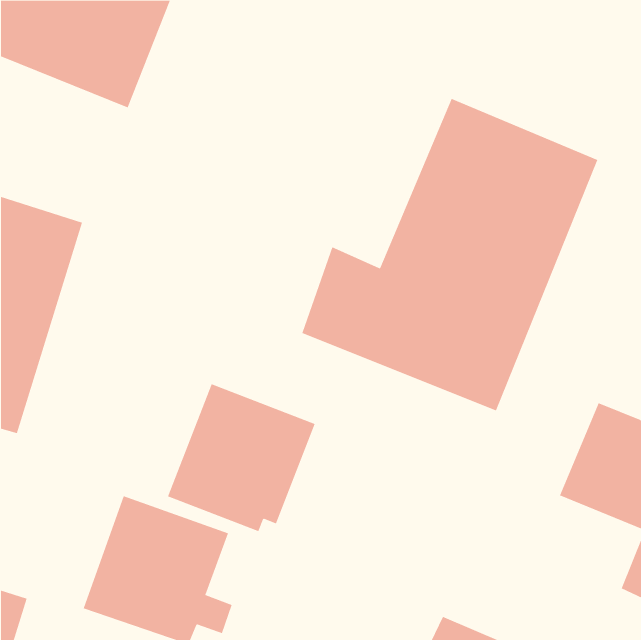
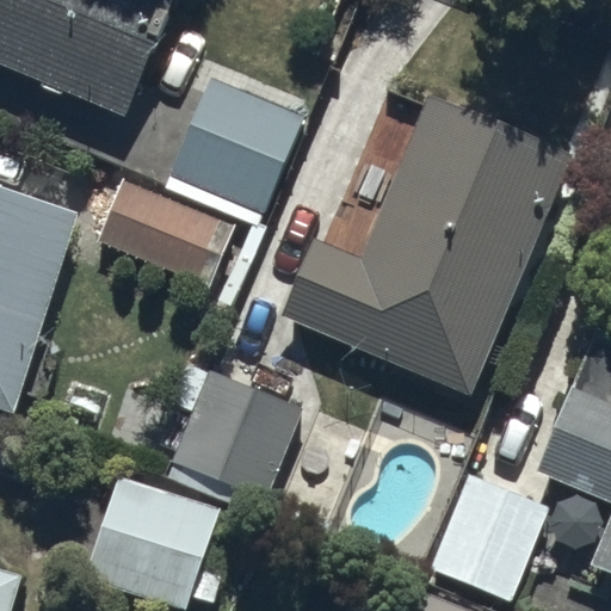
building: none -> [161,62,308,227]
building: none -> [95,177,235,289]
building: none -> [427,473,548,600]

